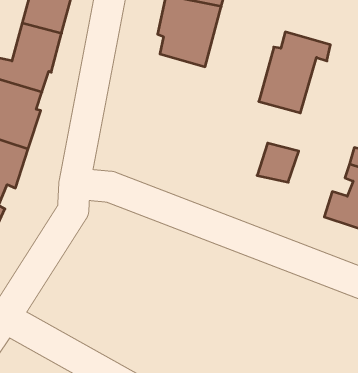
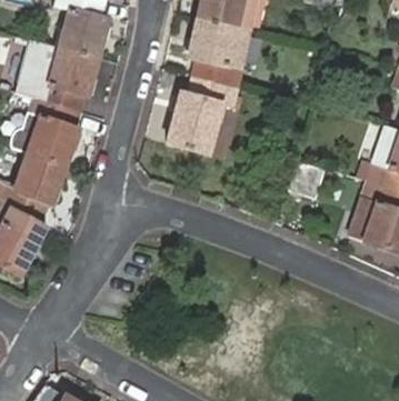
building: [259,32,330,113] -> [167,77,236,154]

